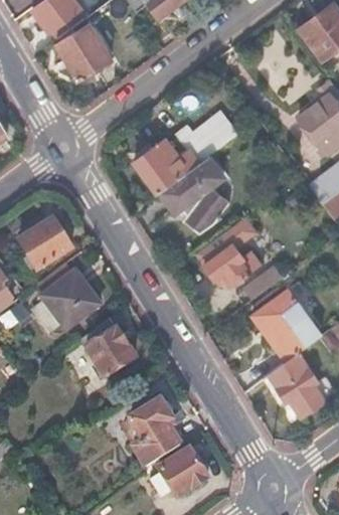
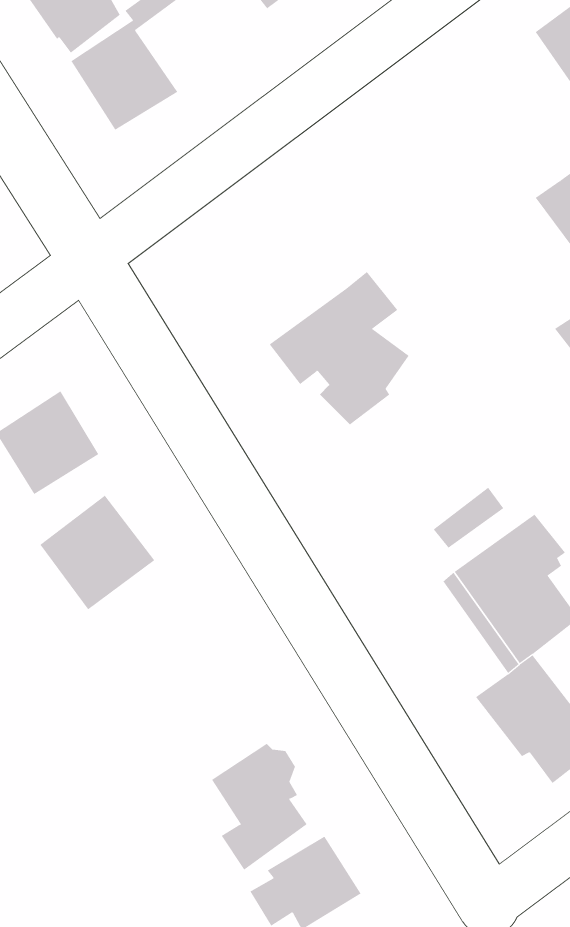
building: [134,109,237,192] -> none
building: [196,217,258,285] -> none
building: [84,329,134,377] -> none

